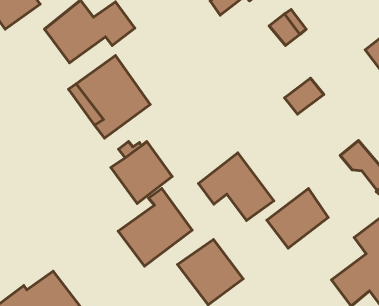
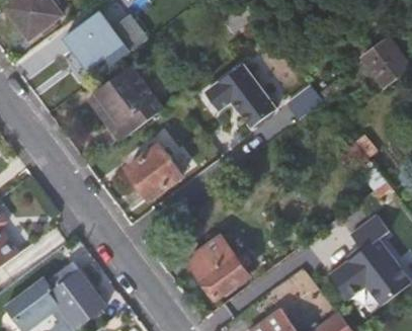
building: [199,153,274,220] -> [207,64,276,127]
building: [267,189,328,248] -> none
building: [118,189,192,266] -> none

